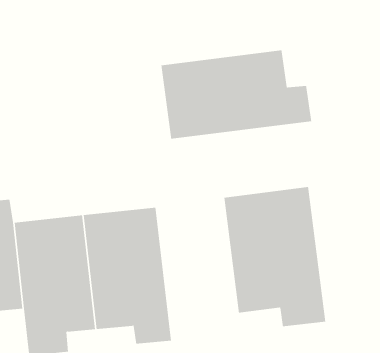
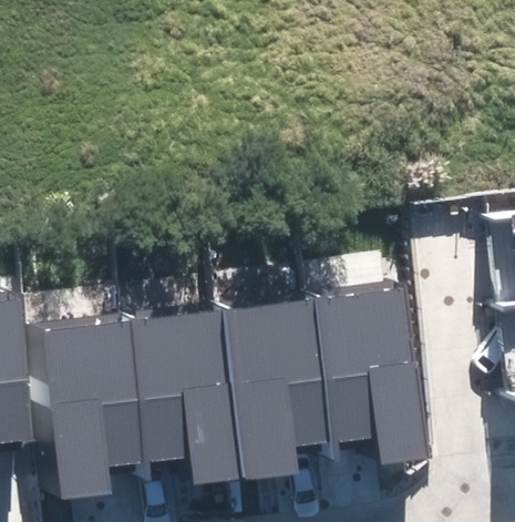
building: [161,49,312,139] -> none
building: none -> [207,297,312,481]

